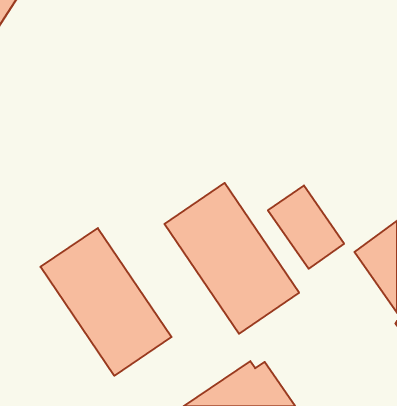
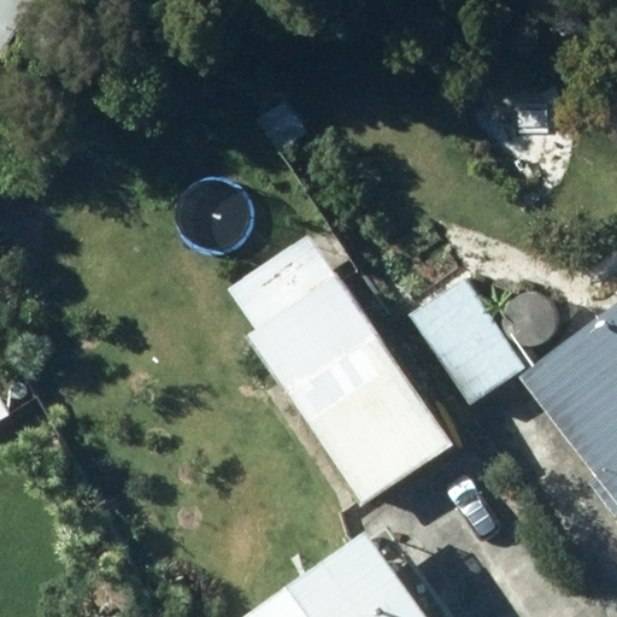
building: [40,228,172,376] -> none

